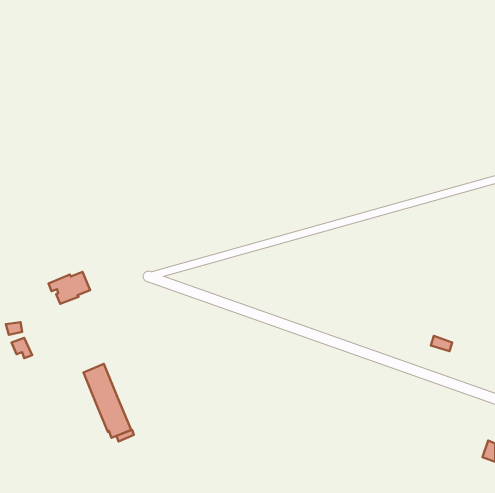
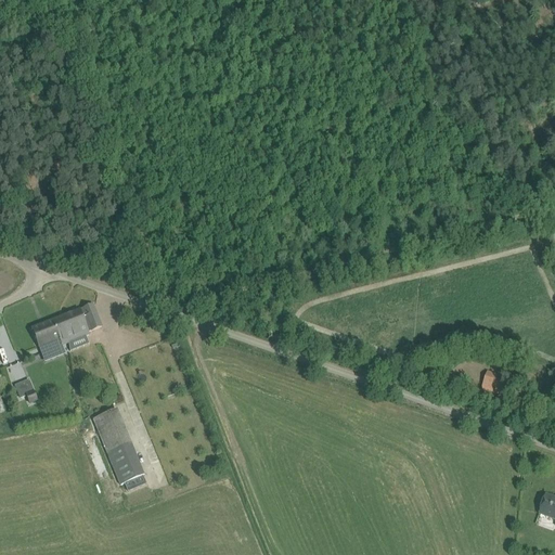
building: none -> [30,317,67,350]

